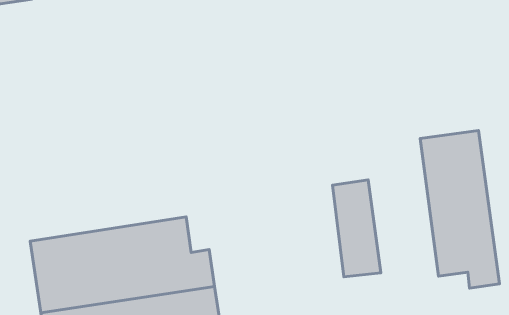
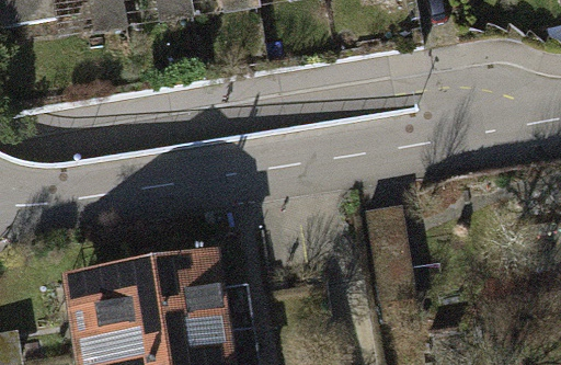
building: [420,130,499,288] -> none

